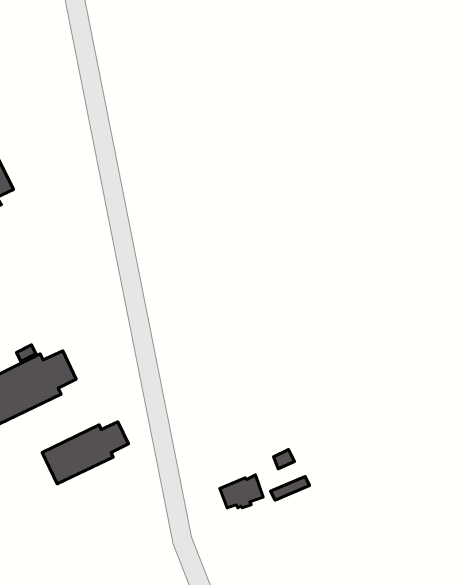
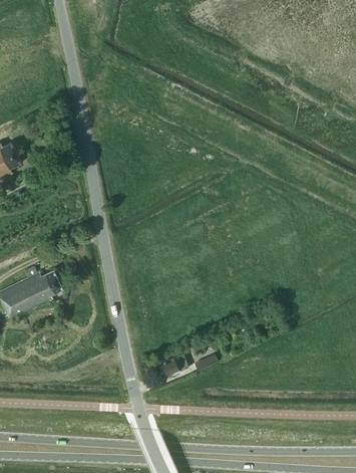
building: [42,422,128,484] -> none

